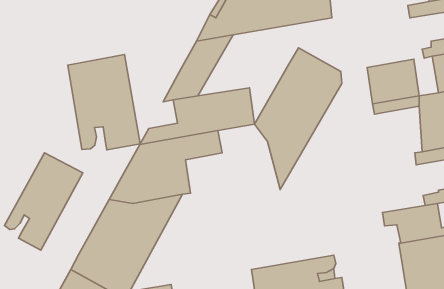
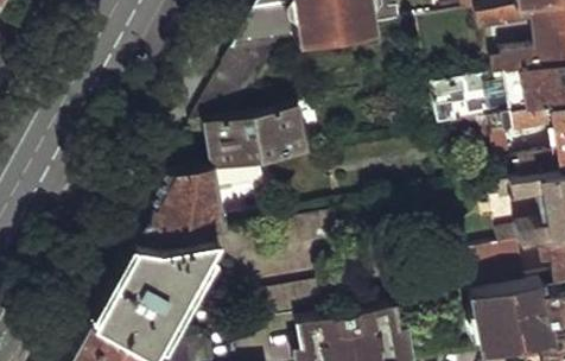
building: [255,48,342,189] -> none
building: [68,55,140,150] -> none
building: [4,153,83,250] -> none

